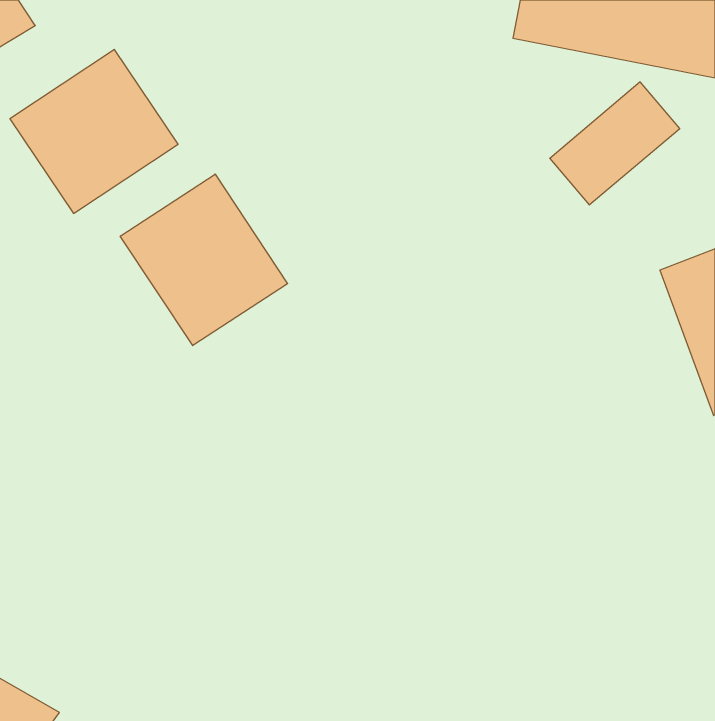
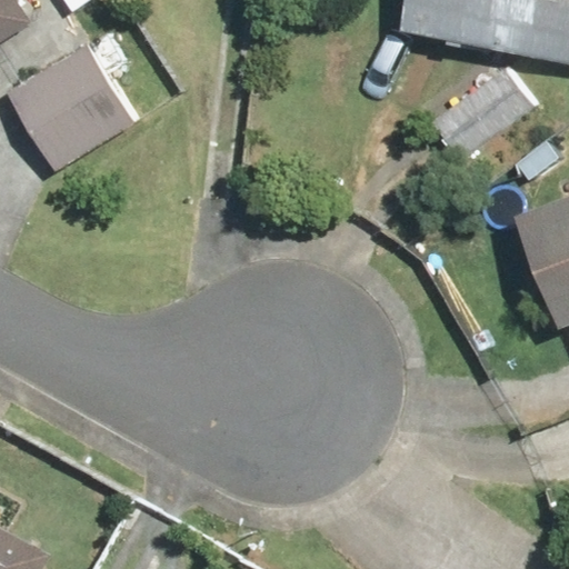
building: [120,174,288,346] -> none

